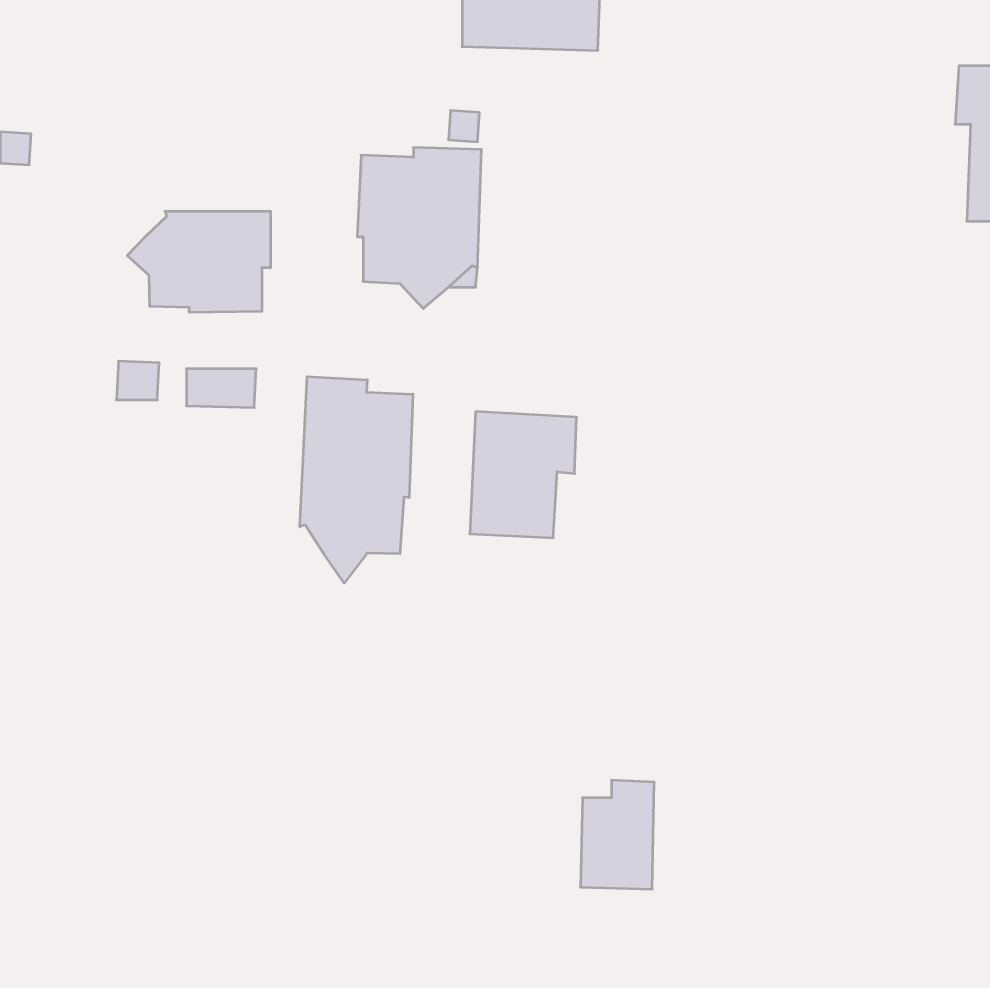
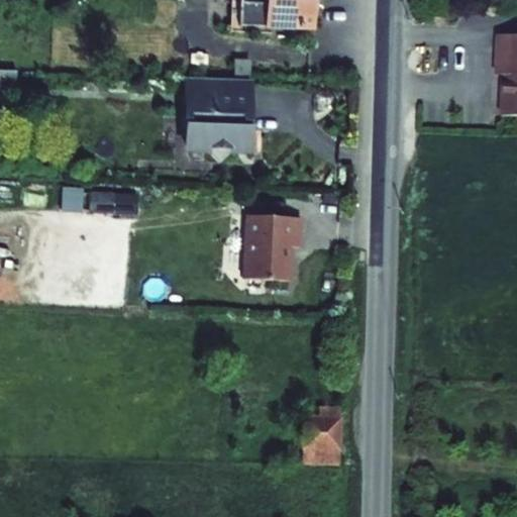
building: [127,211,271,312] -> none
building: [300,377,413,583] -> none

